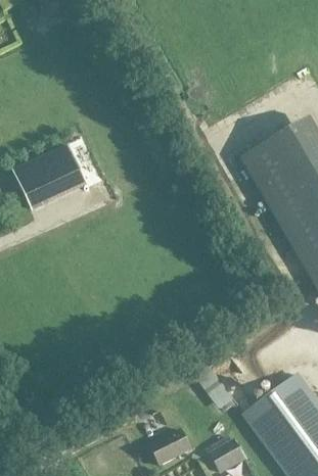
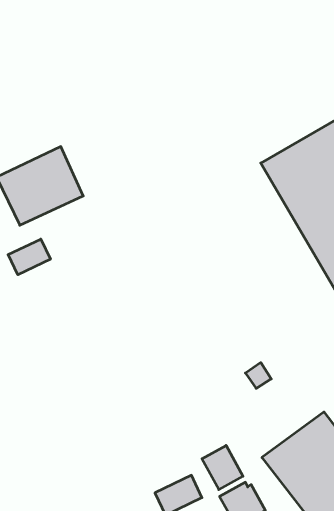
building: none -> [8,239,50,275]
building: none -> [202,445,243,490]

